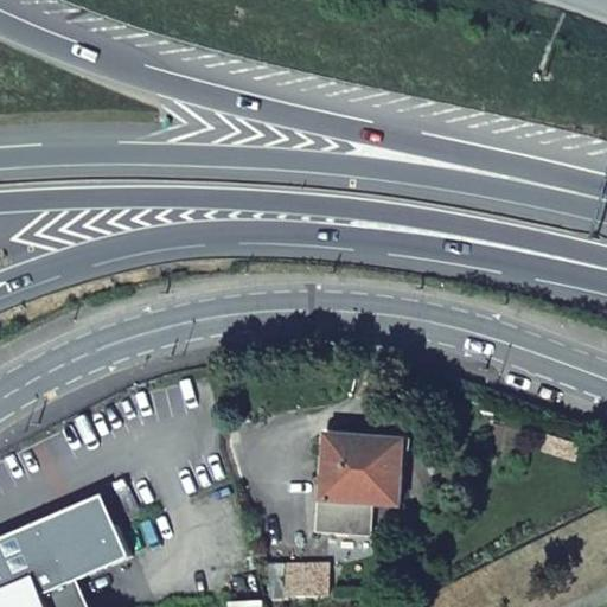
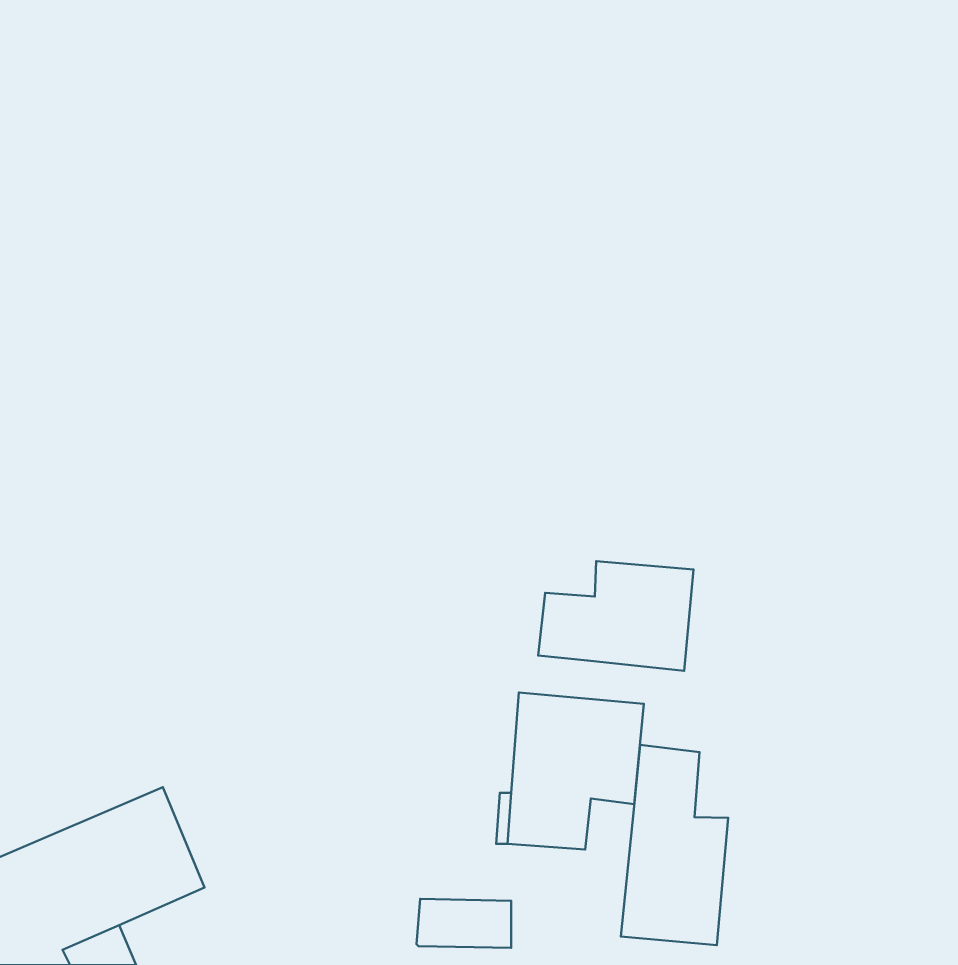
building: none -> [538,561,693,671]
building: none -> [621,745,728,945]

